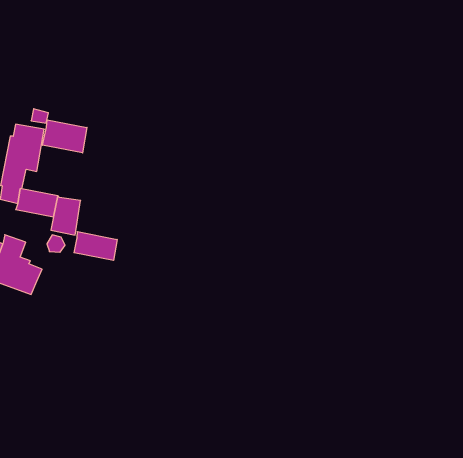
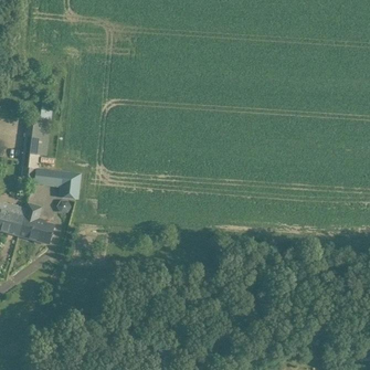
building: [43,120,87,153] -> none
building: [74,232,117,260] -> none

